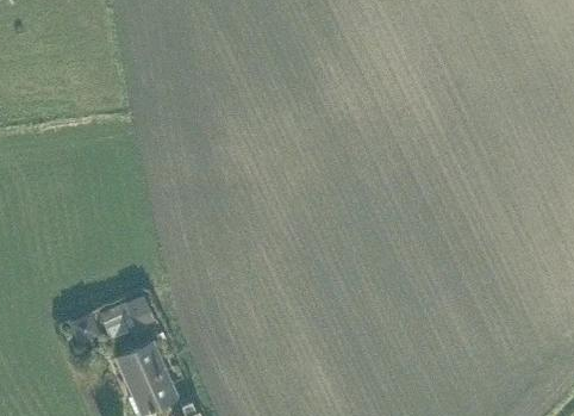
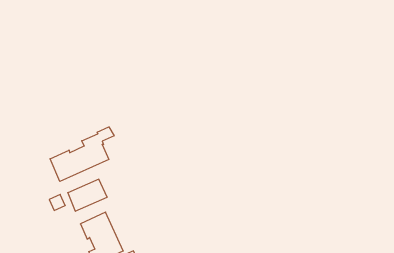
building: none -> [50,127,114,181]

